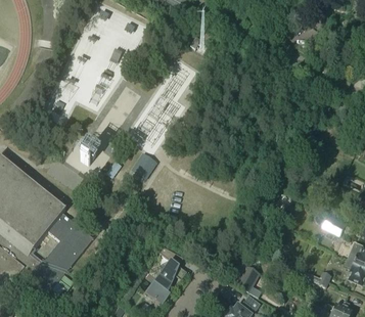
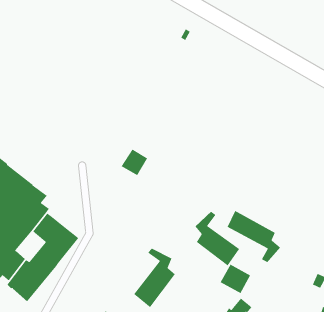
building: none -> [226,210,281,263]
building: none -> [195,211,240,266]

